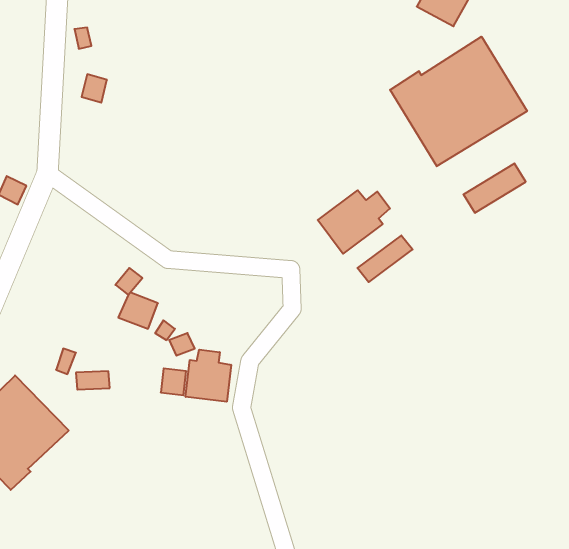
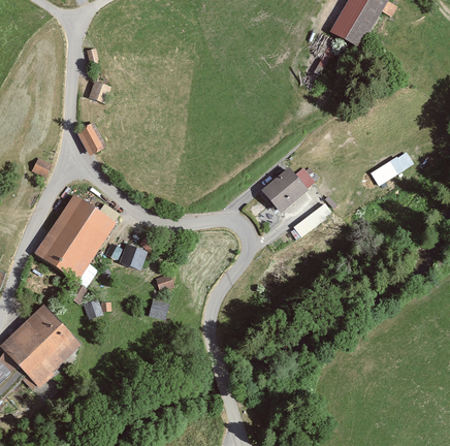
building: [390,37,527,166] -> none
building: none -> [77,125,103,155]
building: none -> [35,198,112,281]
building: [186,350,231,402] -> none

